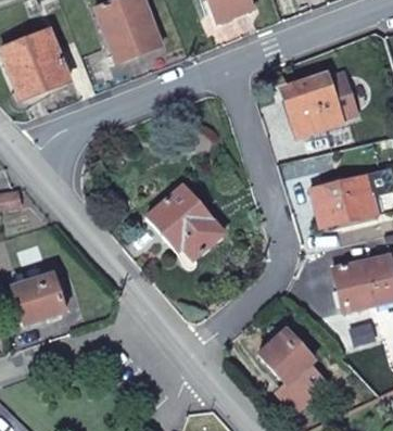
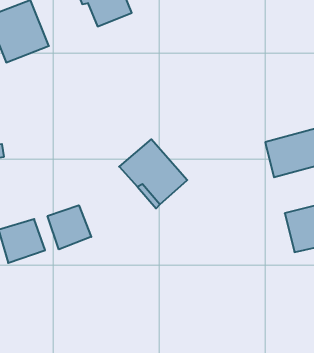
building: [287,72,355,130] -> none
building: none -> [48,205,91,249]
building: [259,329,330,415] -> none

